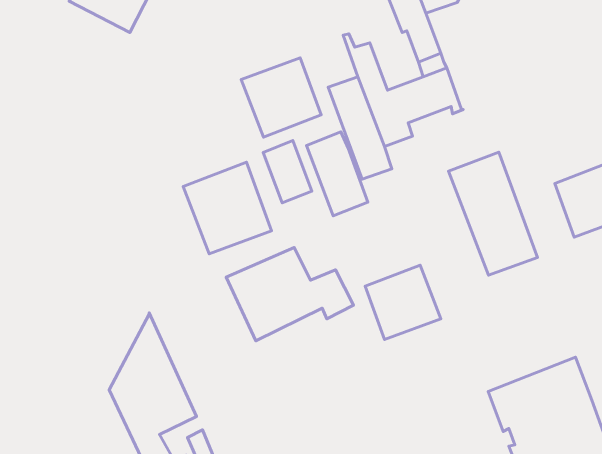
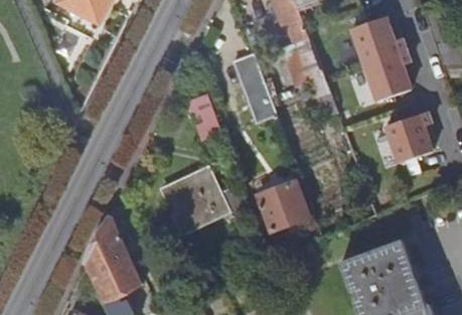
building: [241,58,321,137] -> none
building: [306,132,368,216] -> none
building: [449,152,537,275] -> [350,16,411,100]
building: [183,162,271,254] -> none

